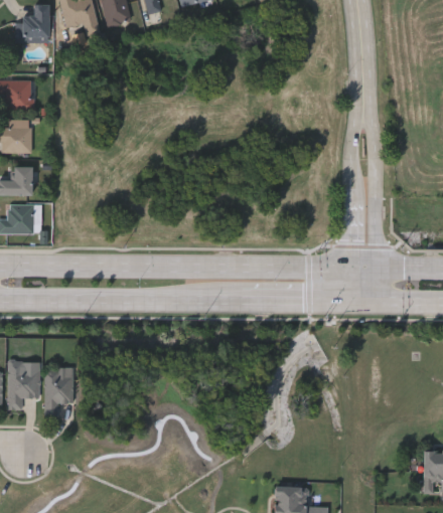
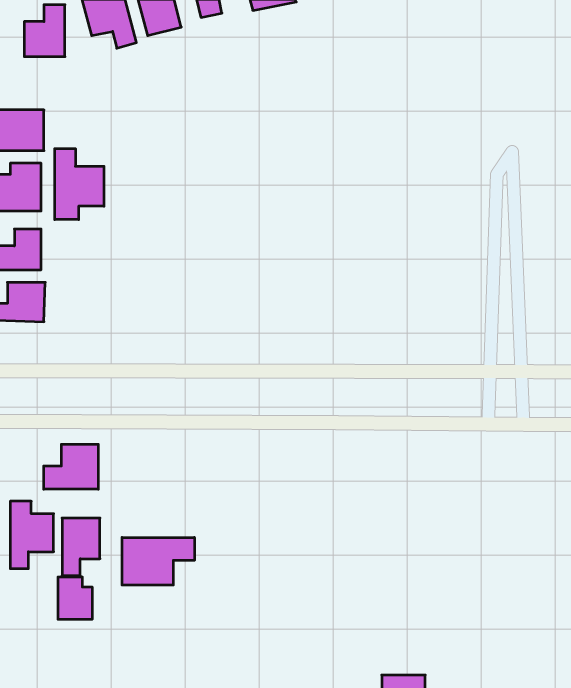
building: none -> [55,149,104,220]
building: none -> [44,444,98,489]
building: none -> [122,537,194,585]
building: none -> [58,577,92,619]

